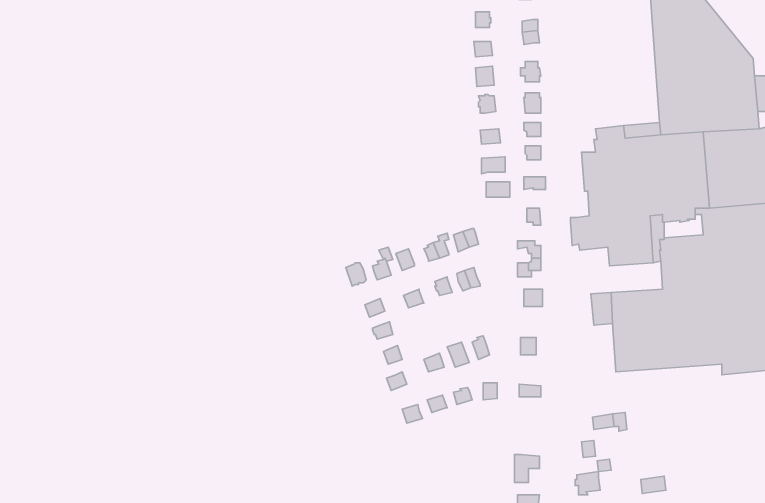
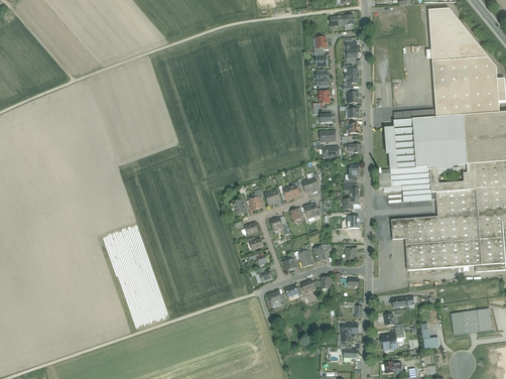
building: none -> [452,308,492,335]

